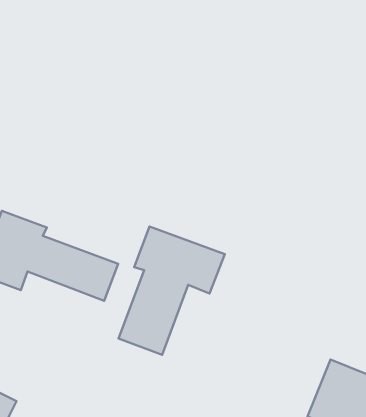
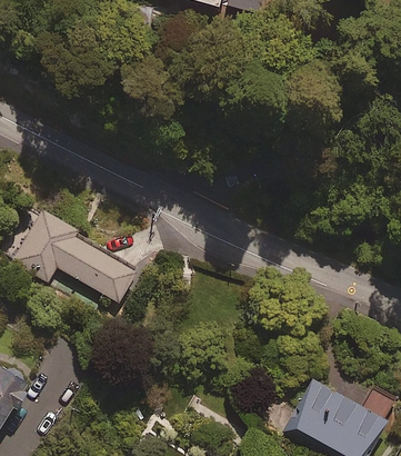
building: [118,227,225,355] -> none

